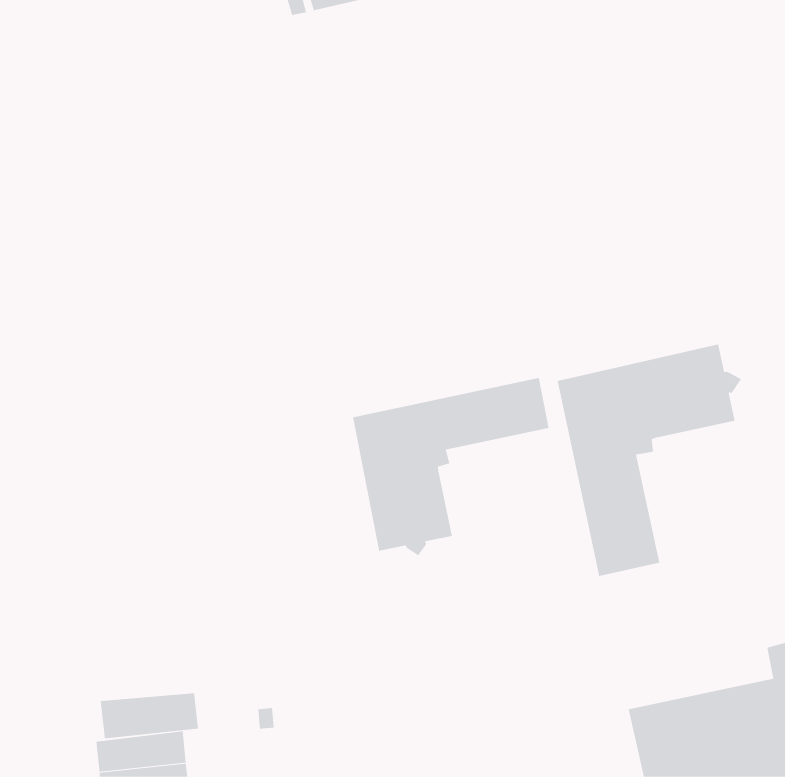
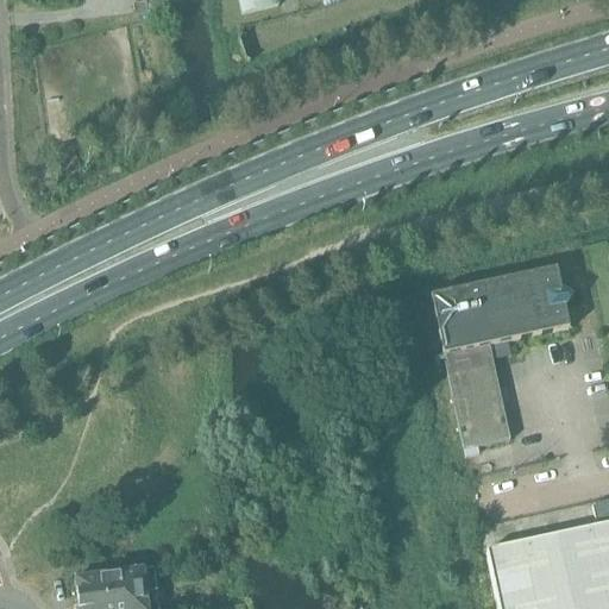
building: [353,377,549,556] -> none
building: [100,693,199,739] -> none

